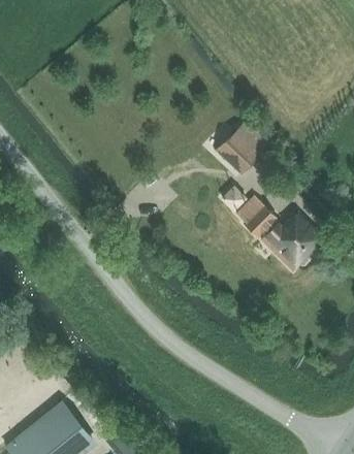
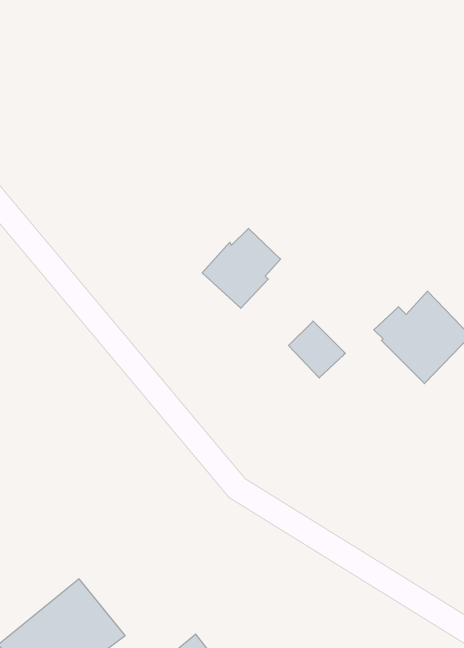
building: [215,121,267,174] -> [202,228,281,308]
building: [238,196,277,234] -> [289,321,345,378]

